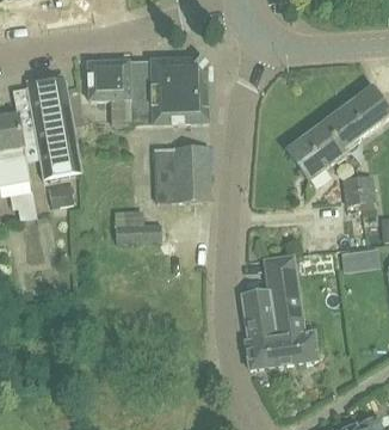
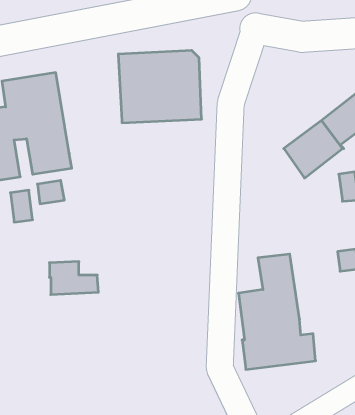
building: [86,60,129,124] -> none
building: [153,146,210,202] -> none
building: [113,209,161,241] -> [49,262,98,295]

